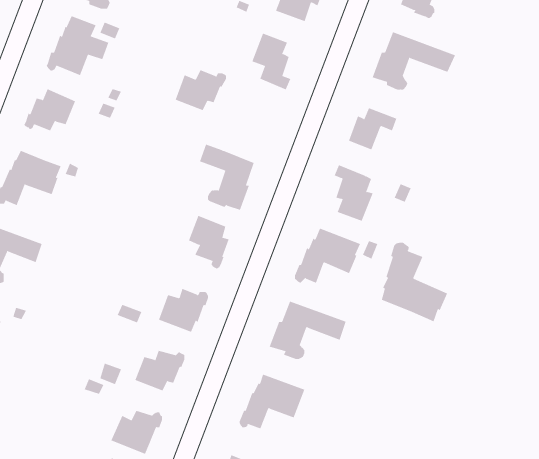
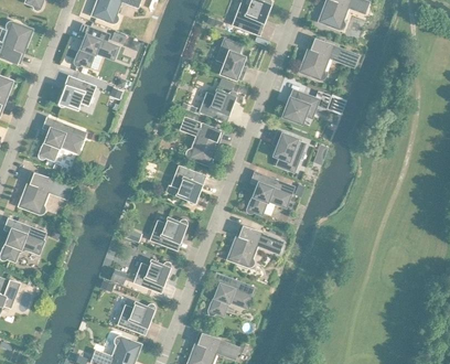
building: [175,70,227,111] -> [200,89,236,118]
building: [381,242,448,322] -> none

